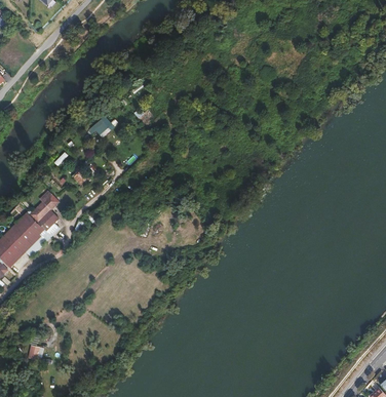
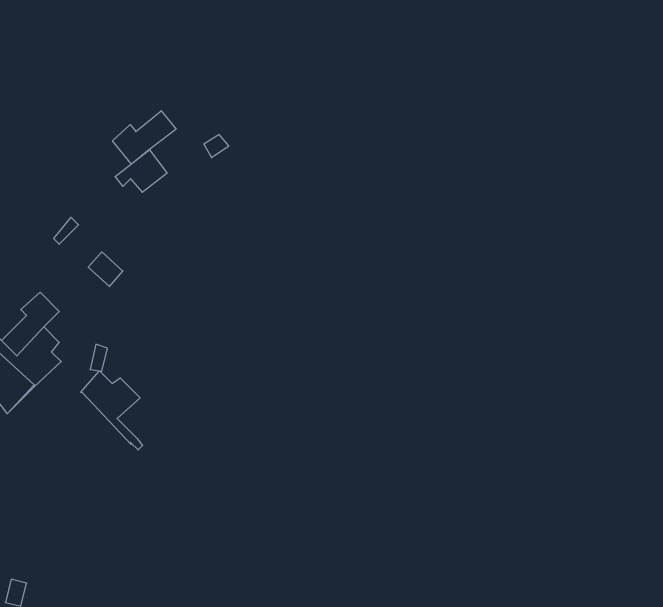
building: none -> [113,111,176,164]
building: none -> [81,371,143,450]

